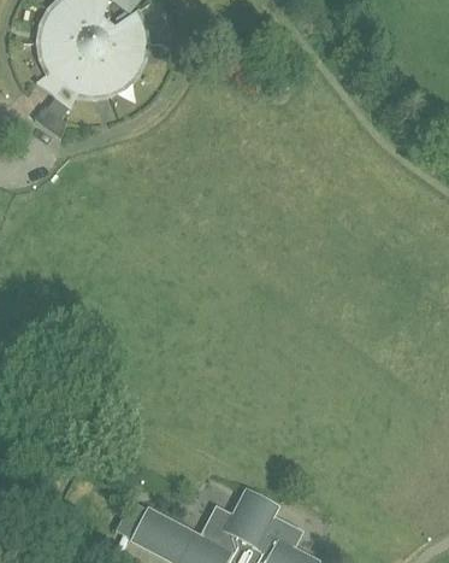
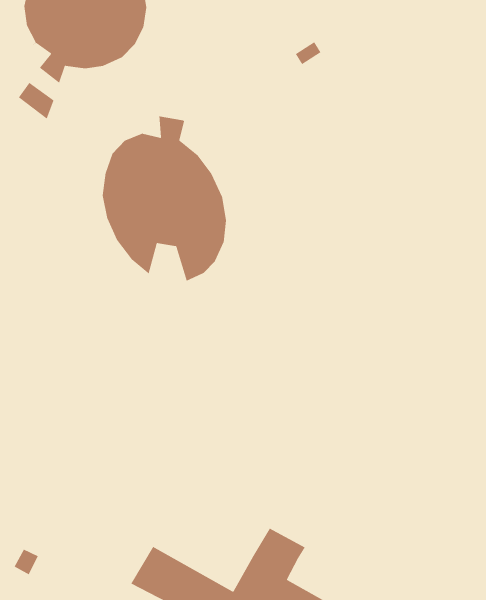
building: none -> [102,116,227,282]

